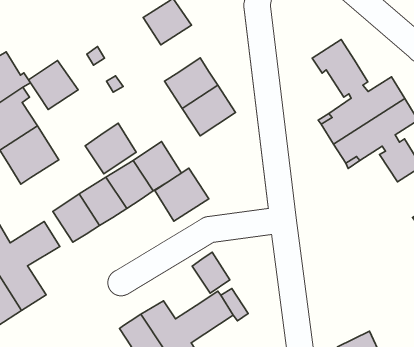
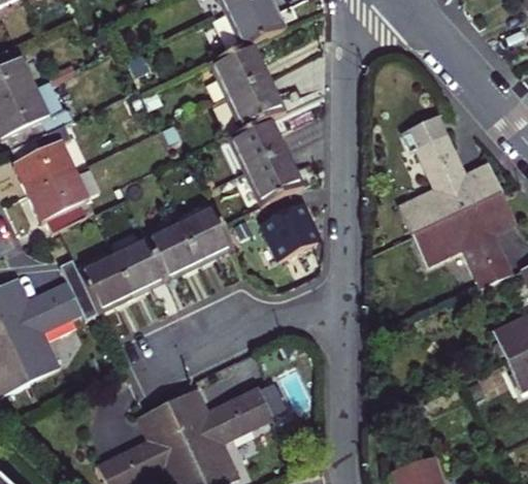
building: none -> [229,75,283,128]
building: [29,61,78,110] -> none
building: [85,123,136,174] -> none
building: [155,168,209,221] -> [262,200,323,259]
building: [192,252,230,293] -> none

